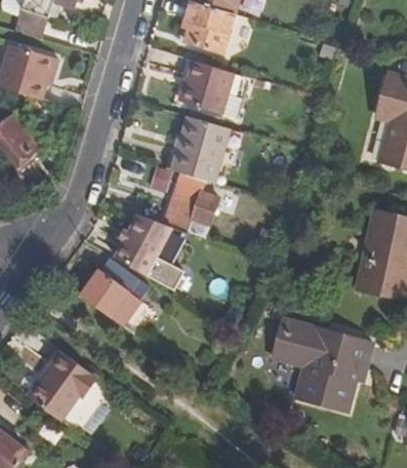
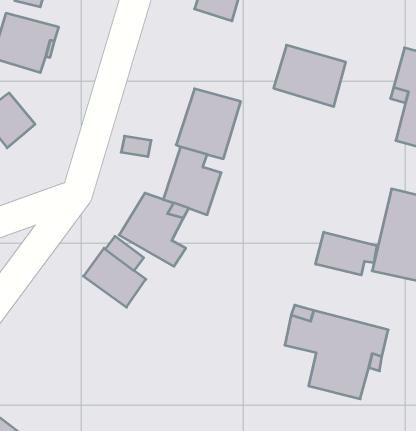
building: [181,57,250,116] -> [274,45,346,106]
building: none -> [316,232,377,275]
building: [31,348,96,420] -> none

